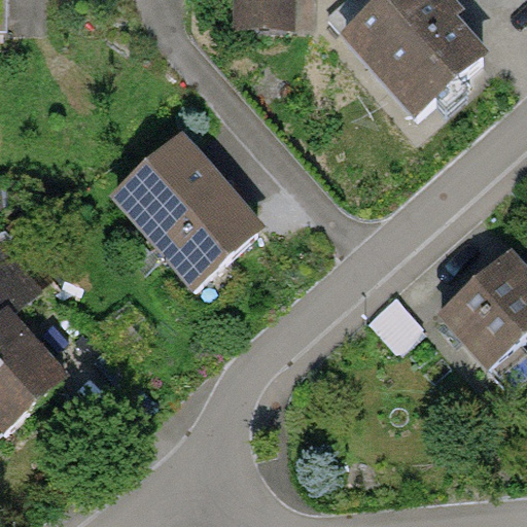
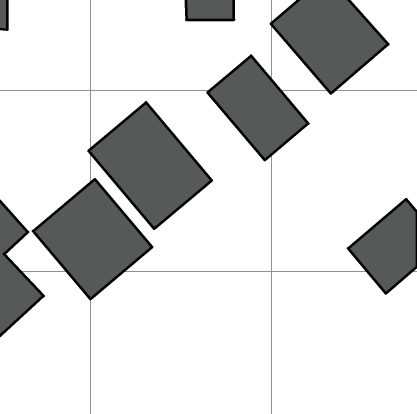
building: none -> [208,56,308,160]
building: none -> [33,179,152,299]

